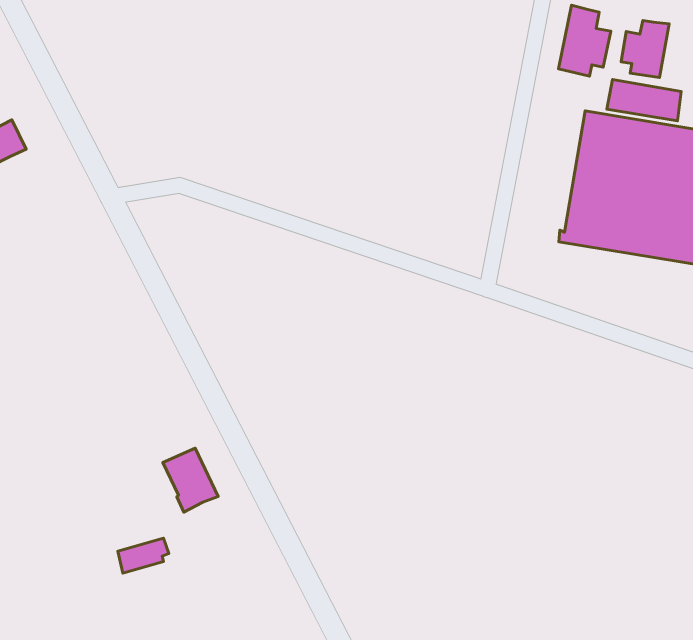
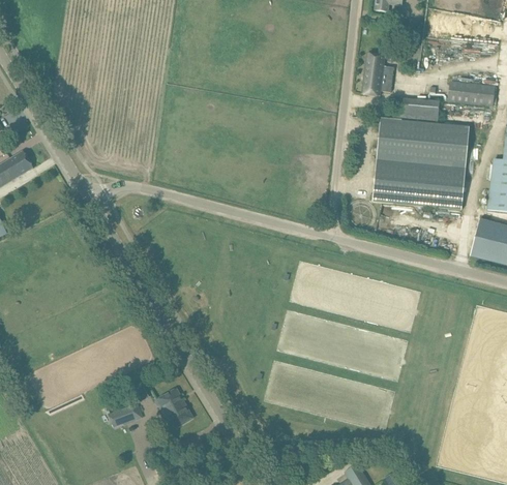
building: [621,20,669,78] -> none
building: [163,448,218,512] -> [156,389,192,429]

